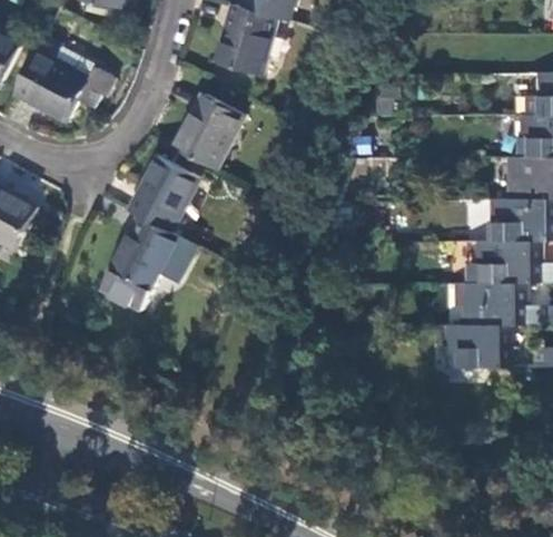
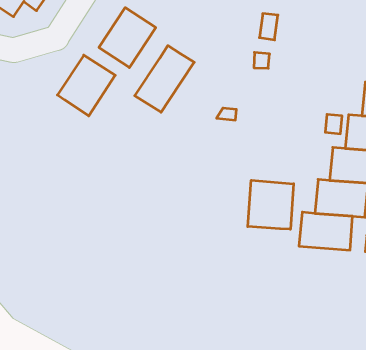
building: none -> [135,46,194,112]
building: [101,215,197,311] -> none
building: none -> [248,180,294,229]

